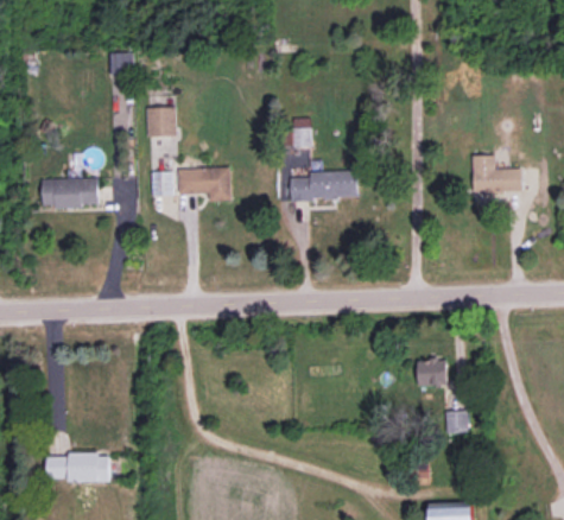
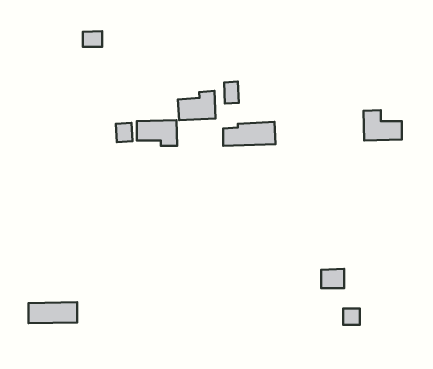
building: [146,107,176,137] -> none
building: none -> [178,91,215,120]
building: [42,177,99,207] -> none
building: [46,454,109,481] -> [28,302,77,323]

